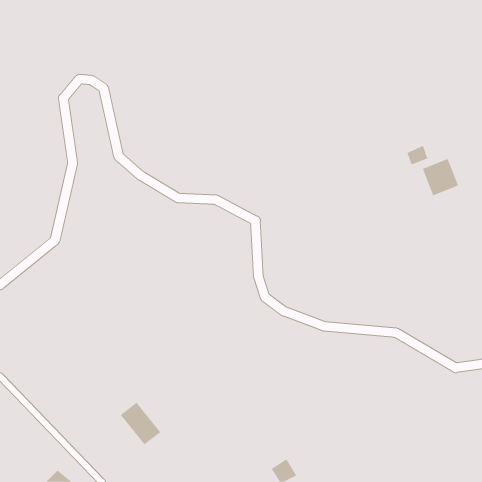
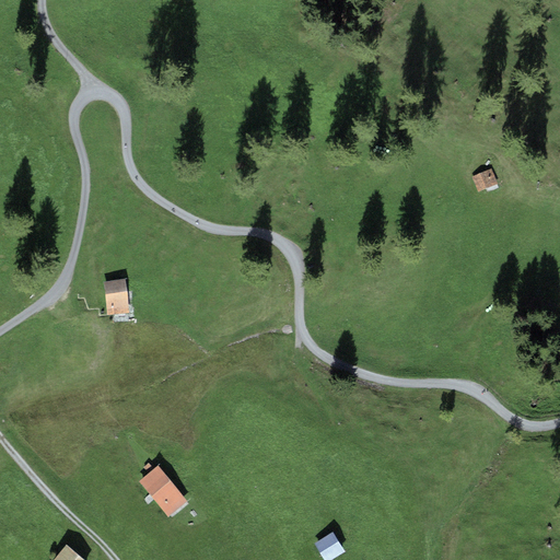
building: [422,158,459,196] -> none
building: none -> [103,279,129,315]

